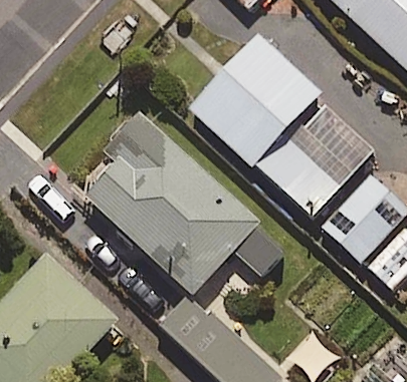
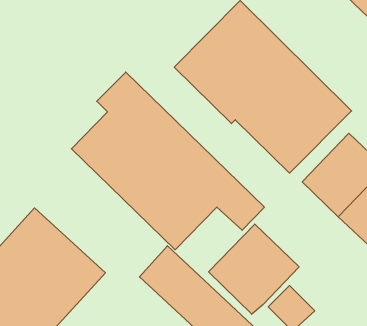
building: none -> [209,224,299,314]

